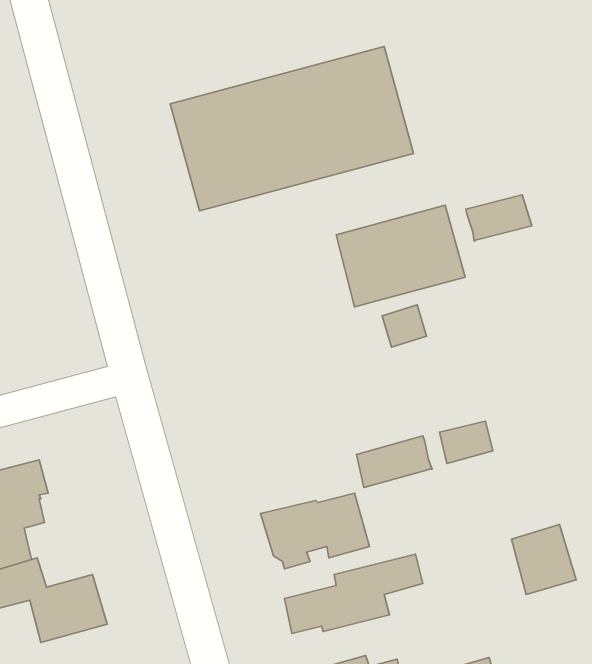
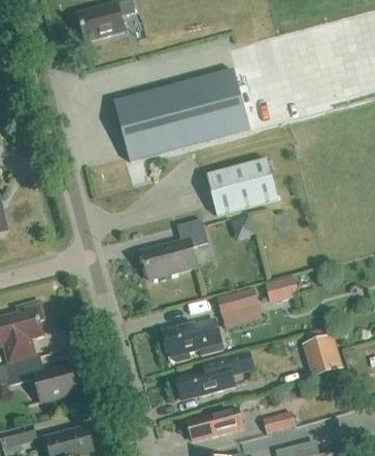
building: [466,195,532,241] -> none
building: none -> [141,218,207,279]

